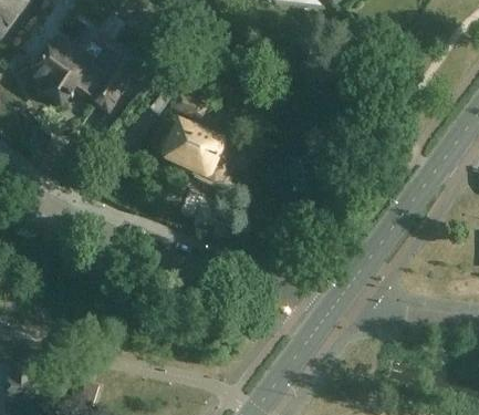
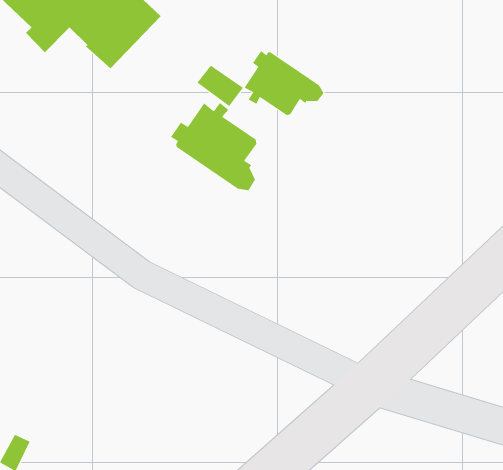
building: none -> [244,50,324,116]

